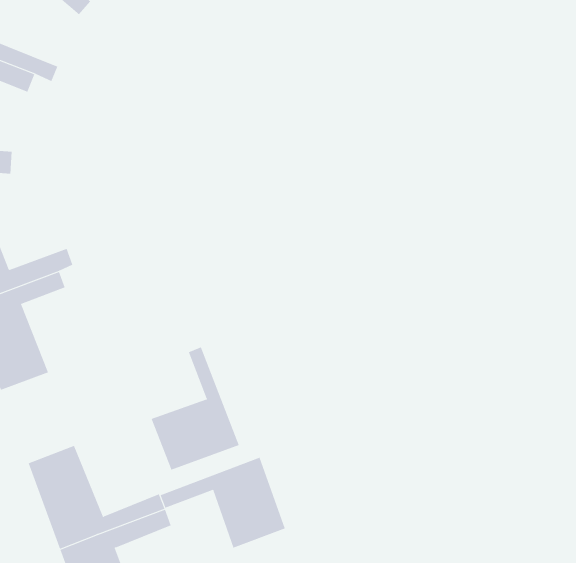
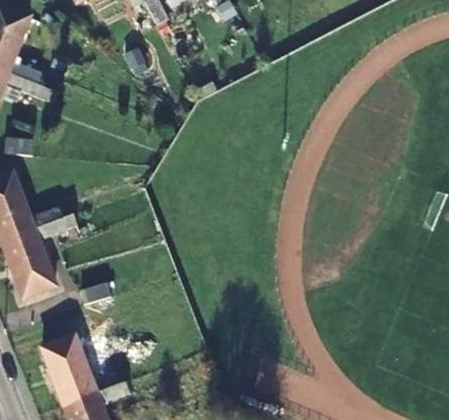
building: [151,346,239,470] -> none
building: [160,457,285,549] -> none

